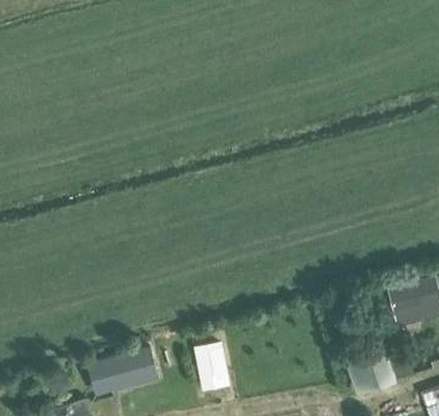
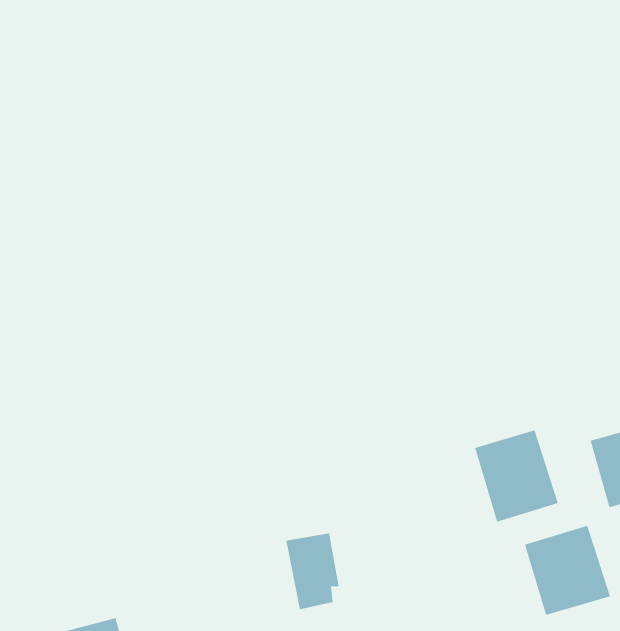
building: none -> [474,430,558,522]
building: [89,344,160,394] -> none

